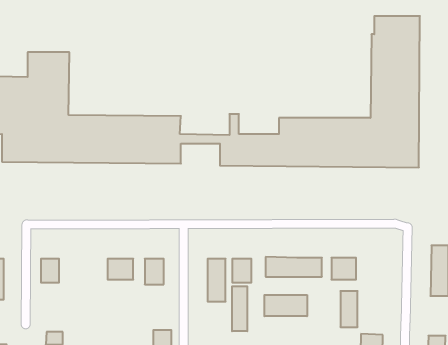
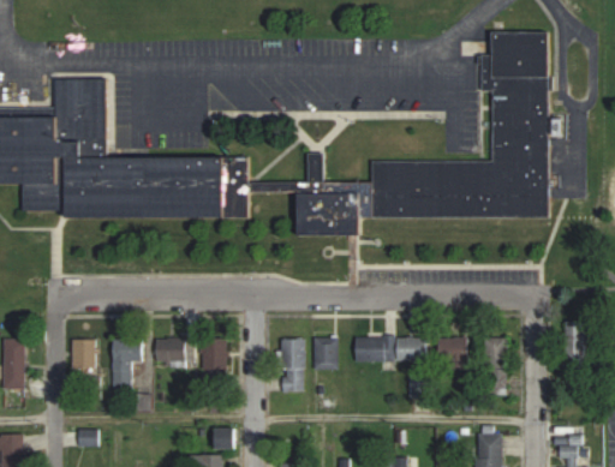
building: none -> [112,339,142,391]
building: [232,286,247,331] -> none
building: [340,291,358,327] -> [484,336,506,382]
building: [264,295,307,316] -> none

